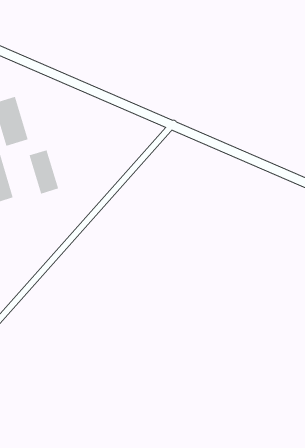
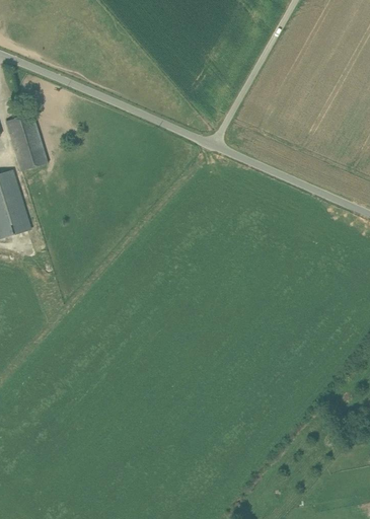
building: [29,149,59,194] -> none

